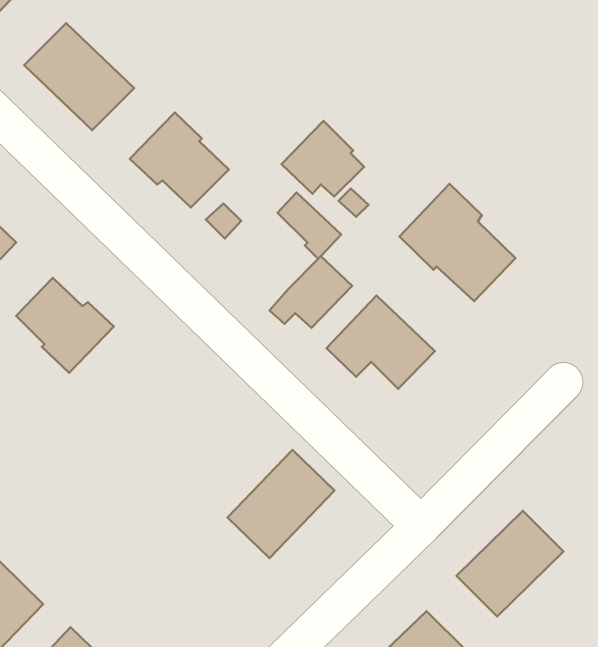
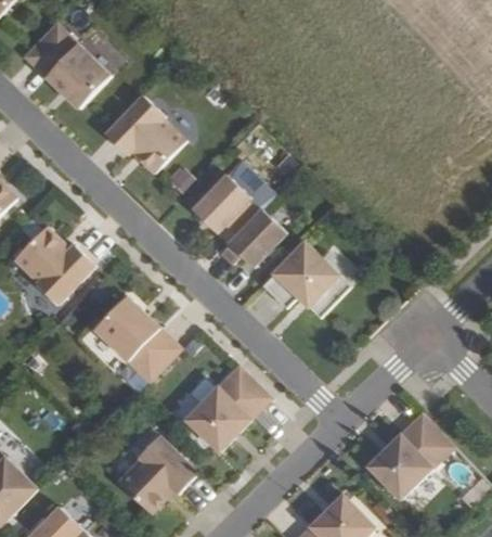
building: [281,121,364,197] -> [191,175,257,235]
building: [399,184,516,301] -> none
building: none -> [93,297,179,382]
building: none -> [115,436,194,515]

